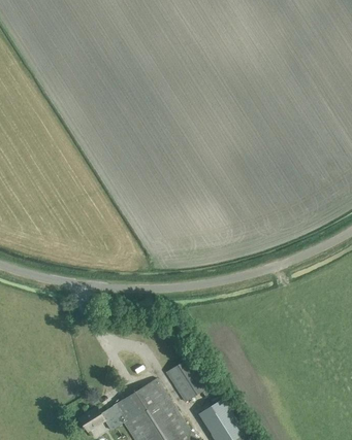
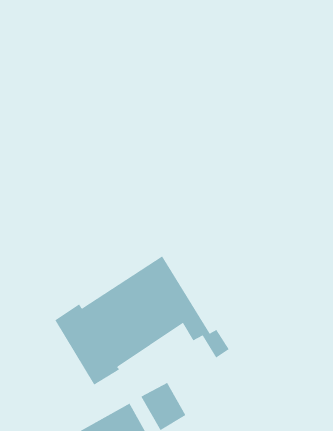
building: none -> [54,255,230,385]

